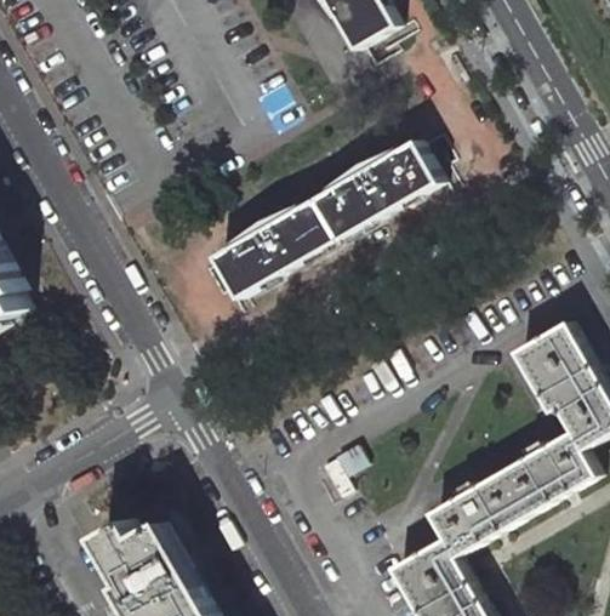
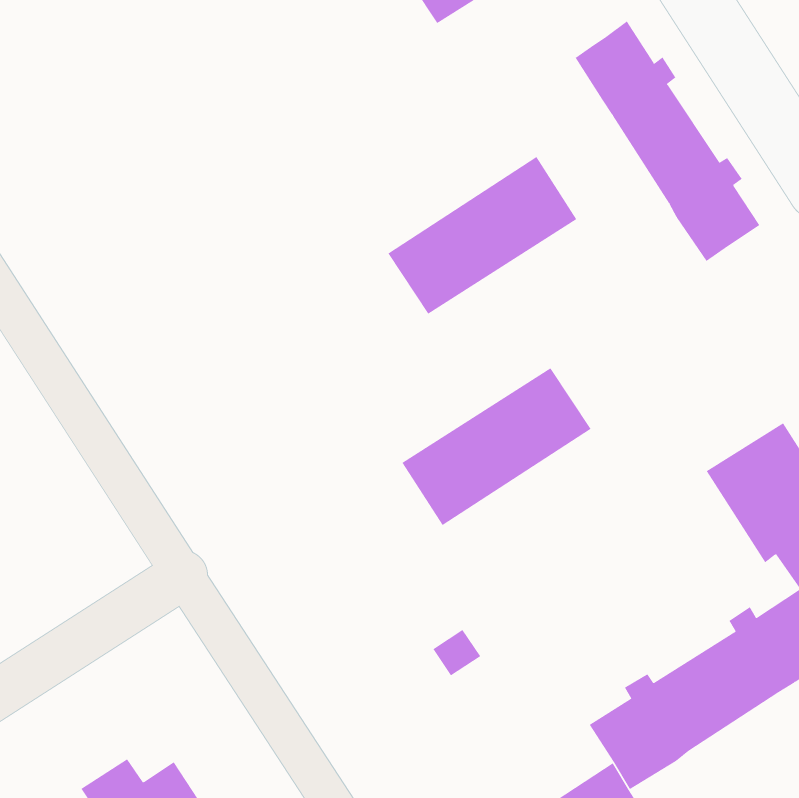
building: none -> [575,20,760,262]
building: [215,198,340,297] -> [402,368,591,526]

